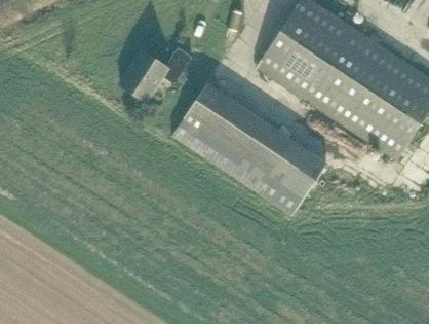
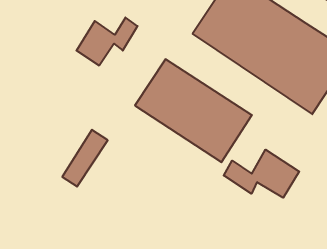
building: [172,82,226,149] -> [62,130,108,187]
building: none -> [224,150,299,198]

